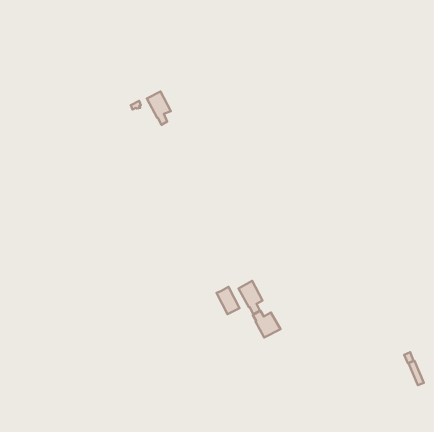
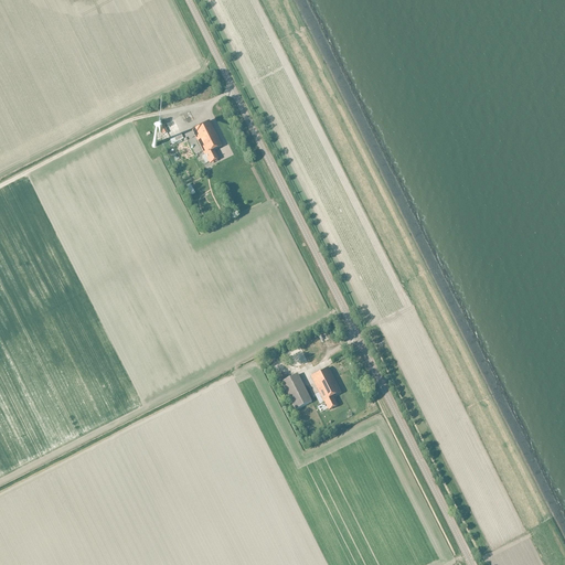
building: [253,311,280,338] -> none

